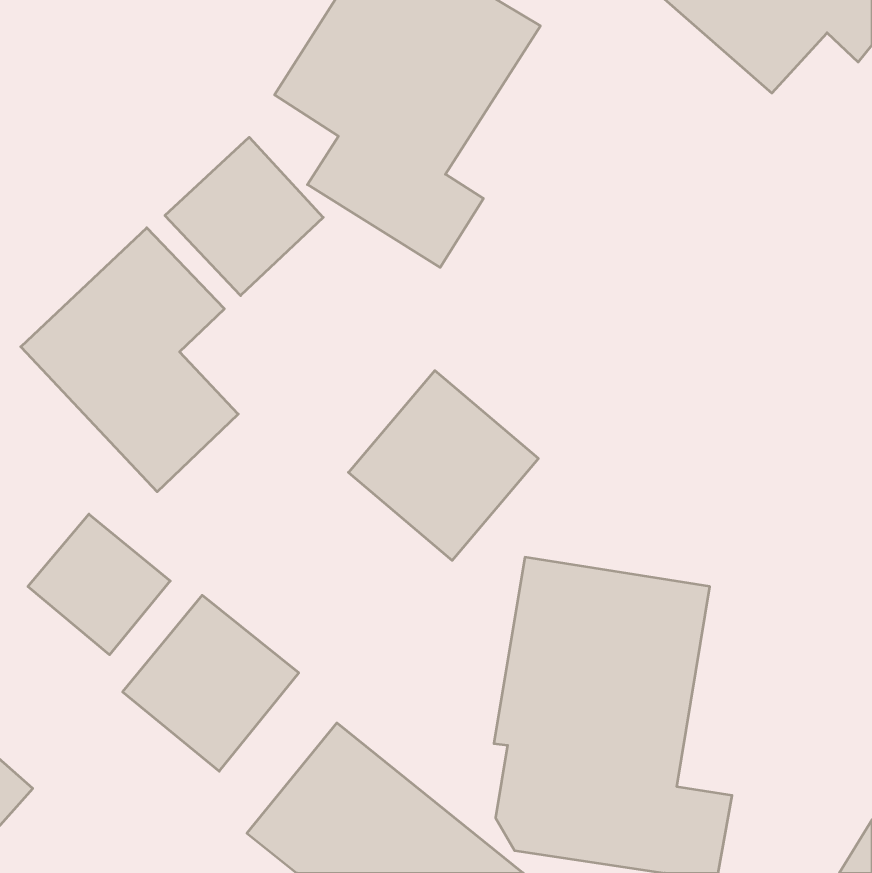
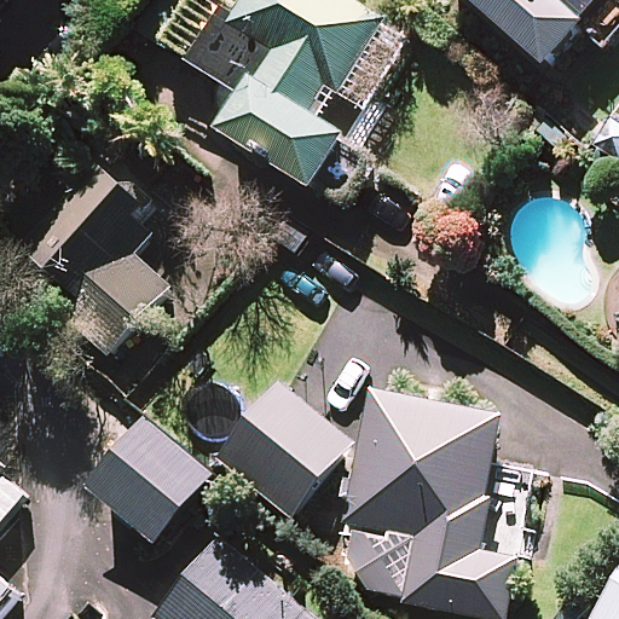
building: [165,137,323,296] -> none
building: [348,371,538,560] -> [214,381,347,514]
building: [28,514,170,655] -> none

